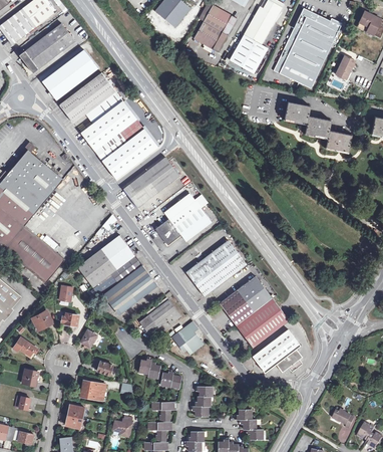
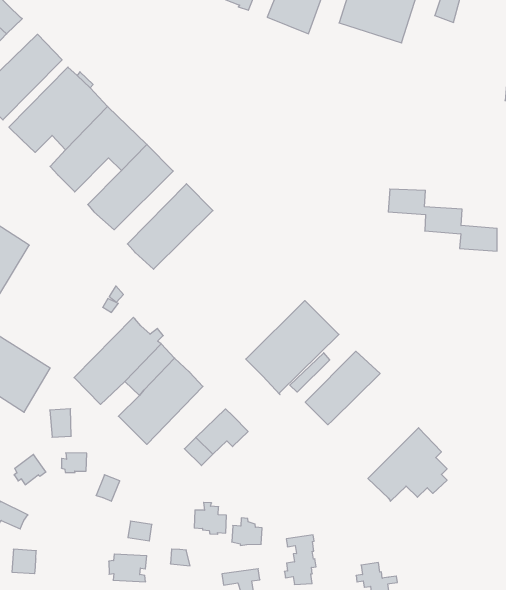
building: [285,101,351,150] -> [388,189,497,251]
building: [154,194,211,246] -> none
building: [231,292,289,348] -> none
building: [171,320,203,354] -> none

